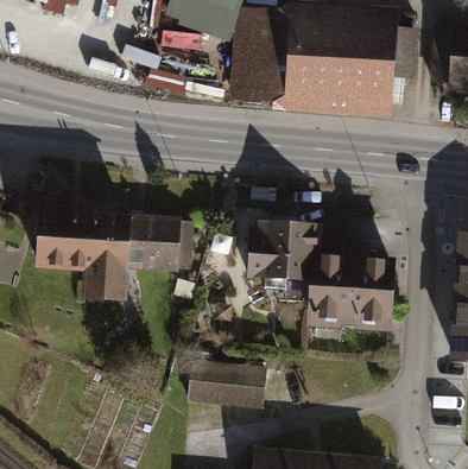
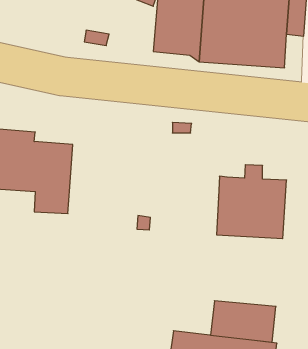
building: [127,214,196,270] -> none
building: [248,218,324,279] -> none
building: [188,357,268,408] -> [211,301,276,342]

